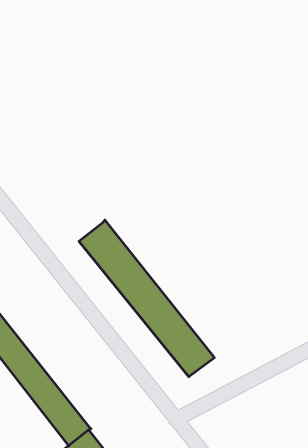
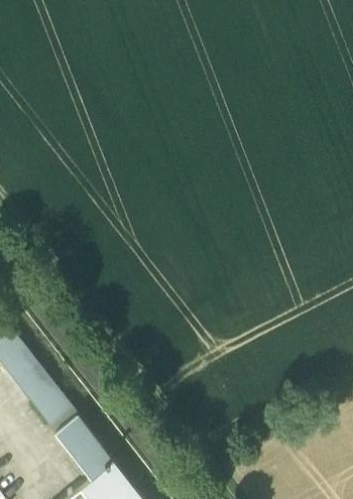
building: [79,220,214,377] -> none

